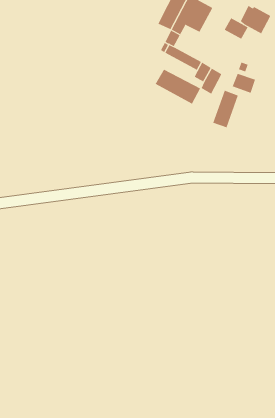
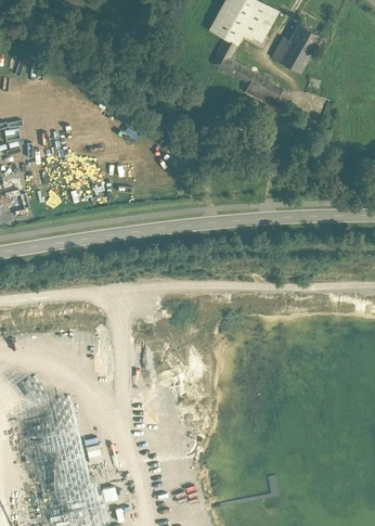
building: [240,5,271,34] -> [273,38,311,74]
building: [155,69,201,104] -> none
building: [212,90,238,128] -> none

